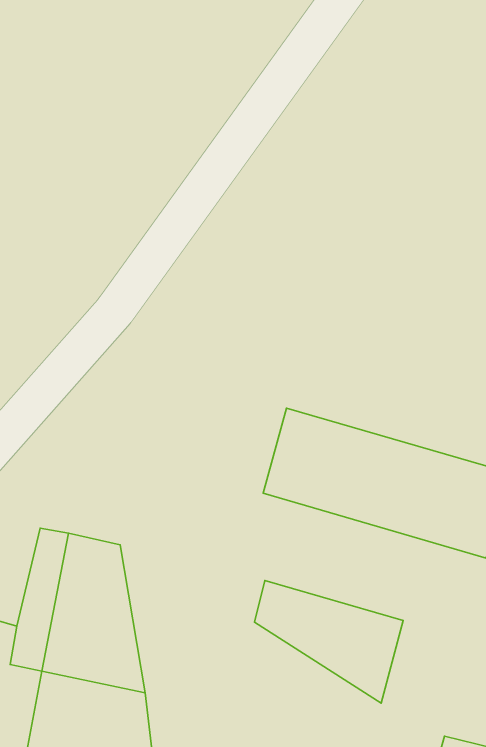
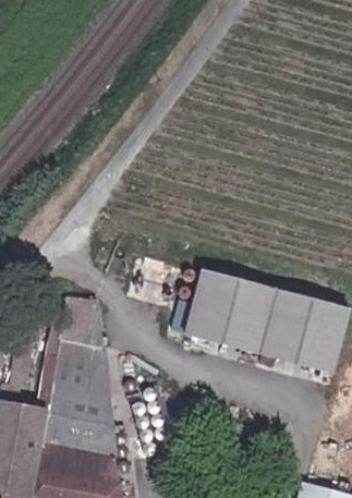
building: [255,581,403,703] -> none

